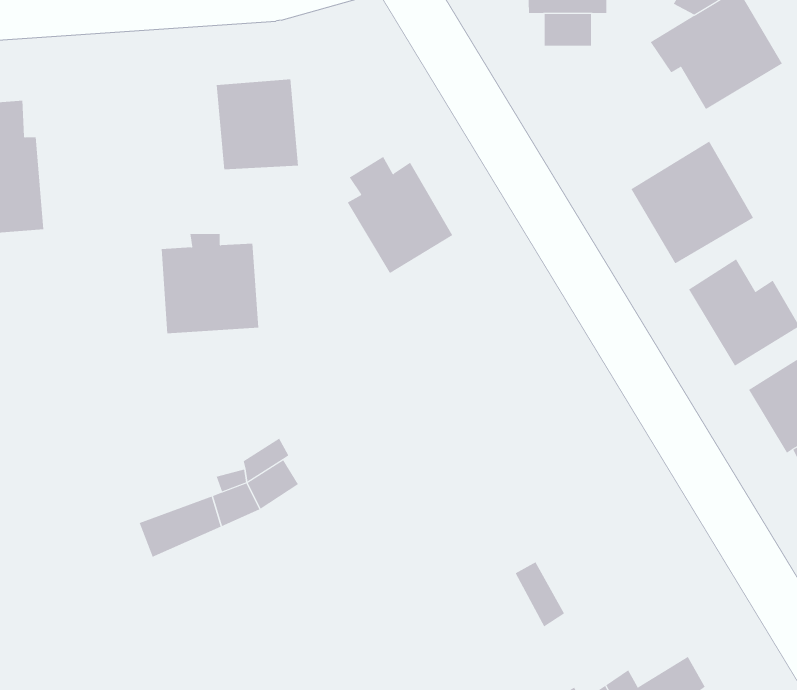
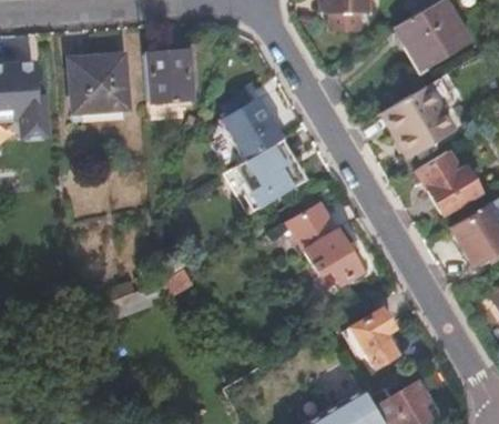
building: none -> [231,137,308,211]
building: [161,233,259,334] -> [71,54,128,112]
building: none -> [289,204,361,284]
building: none -> [352,306,397,365]

